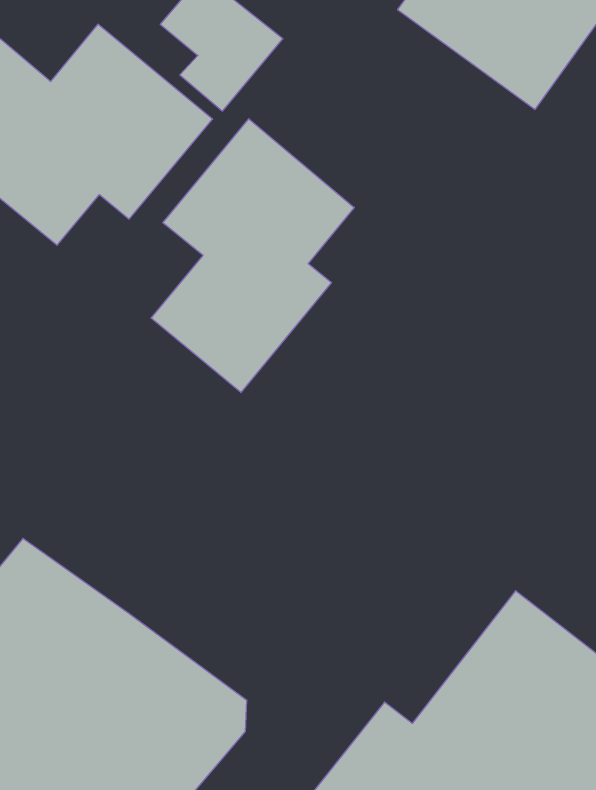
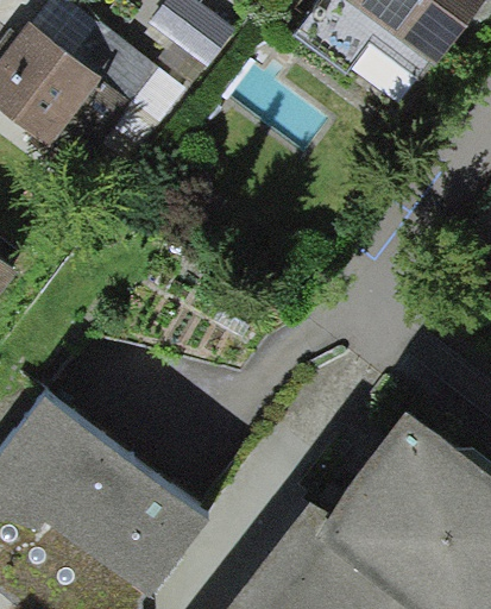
building: [151,119,354,393] -> none

